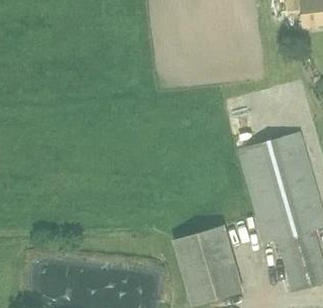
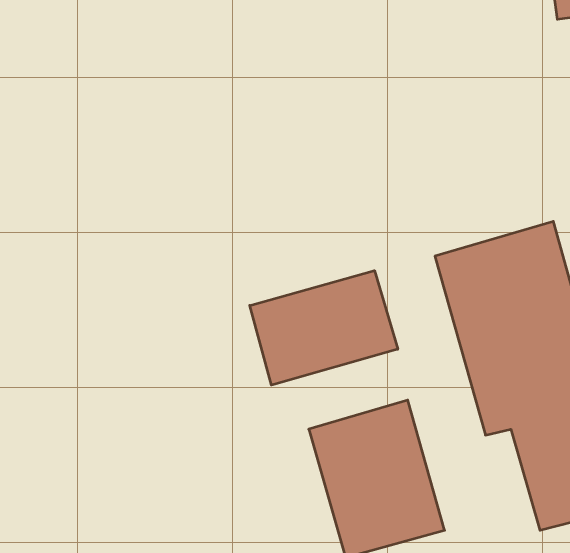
building: none -> [250,271,398,385]

